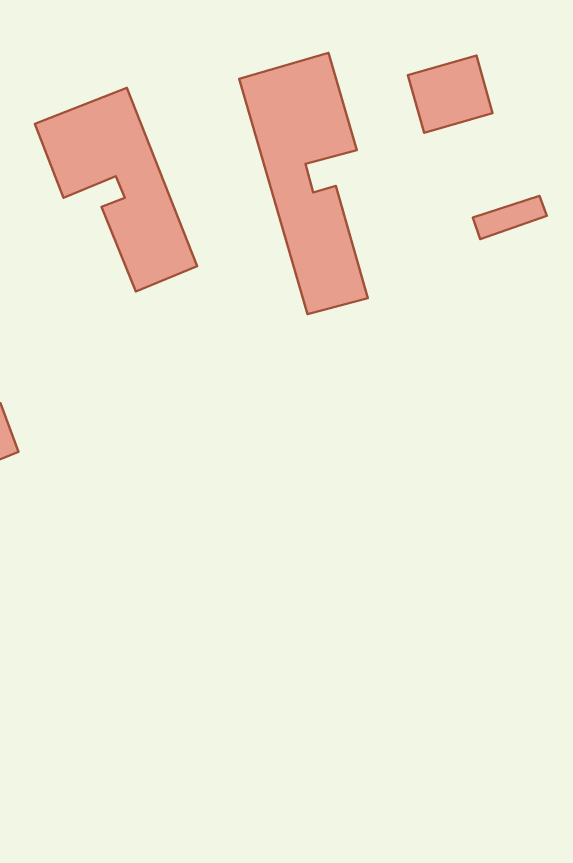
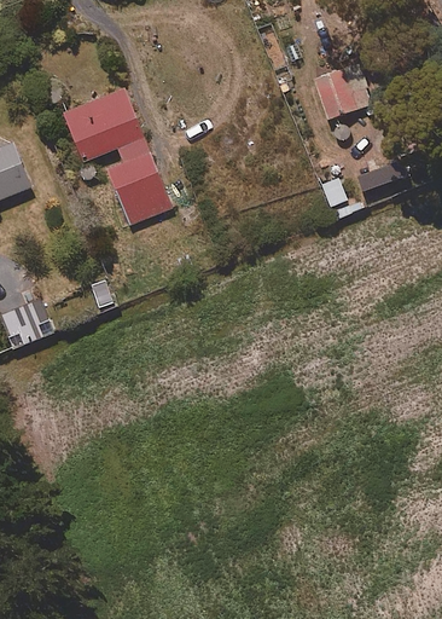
building: [239,53,368,314] -> none

